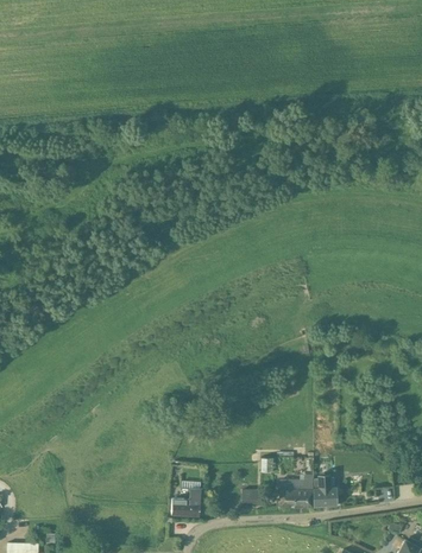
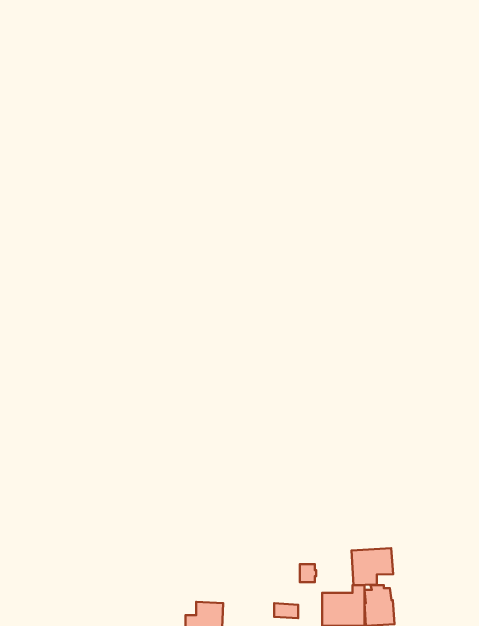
building: none -> [351,548,393,585]

